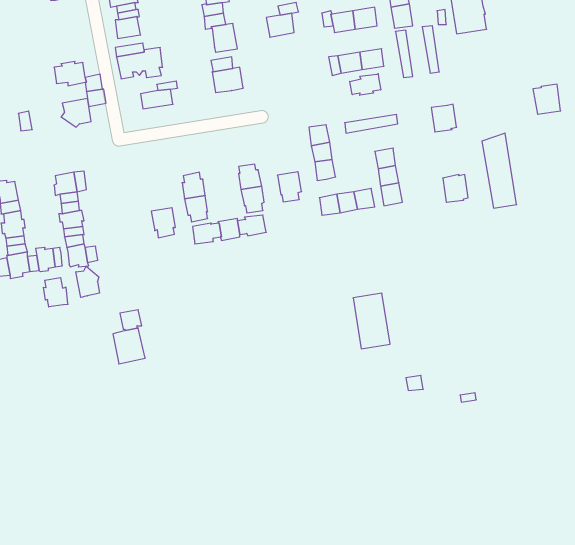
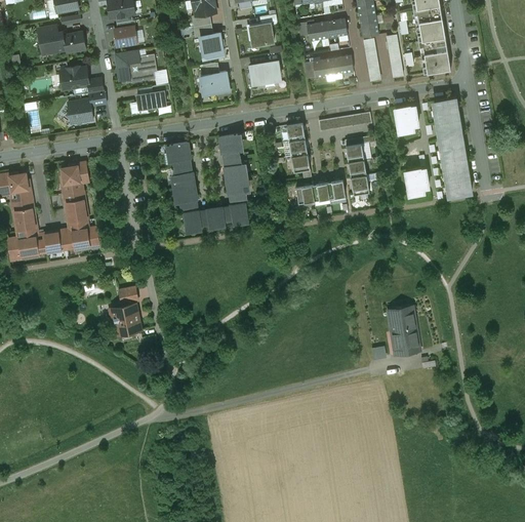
building: none -> [39,26,85,53]
building: none -> [417,38,450,74]
building: none -> [247,62,280,84]
building: [350,74,381,95] -> none
building: [533,84,561,114] -> [434,97,458,124]
building: [277,172,302,202] -> [218,133,240,160]
building: [151,208,175,238] -> [168,142,190,168]
building: [76,266,99,297] -> none
building: [44,278,68,307] -> none
building: [353,293,390,349] -> [387,306,419,355]

